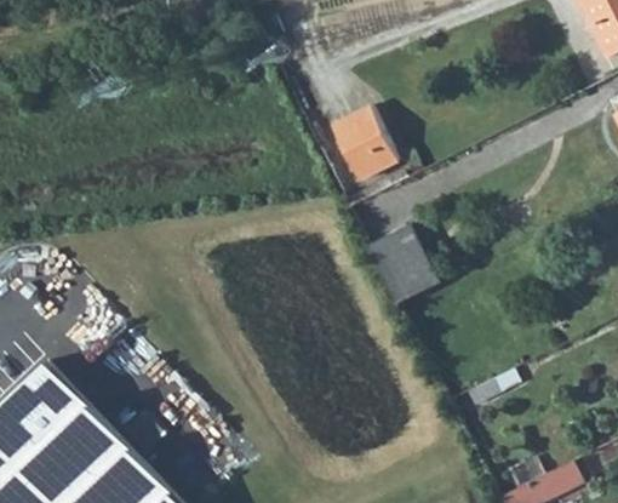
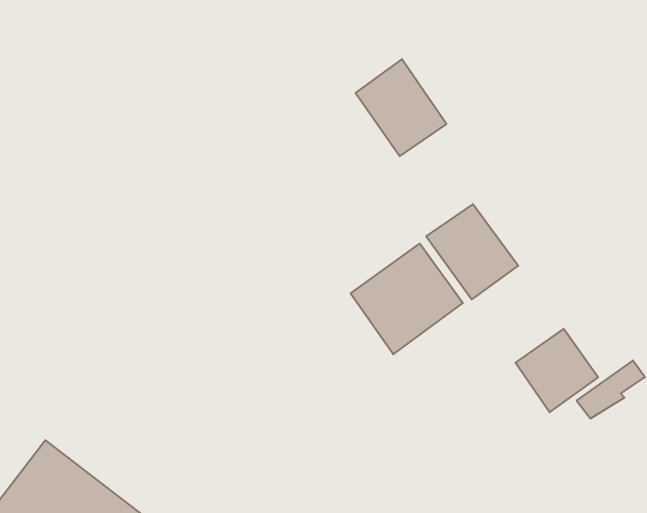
building: none -> [351,244,463,354]
building: none -> [516,329,598,412]

